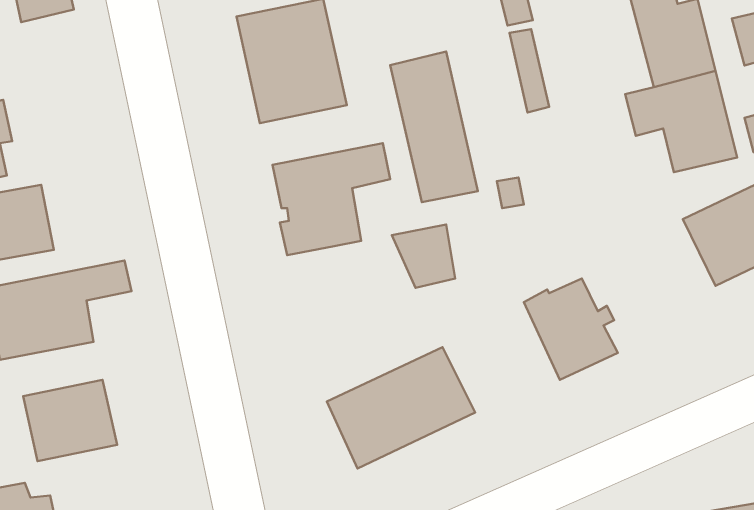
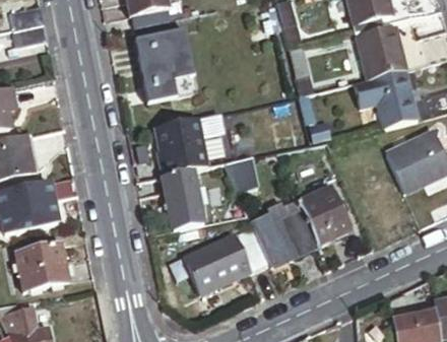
building: [390,51,478,202] -> none
building: none -> [164,168,201,228]
building: none -> [251,200,317,266]

